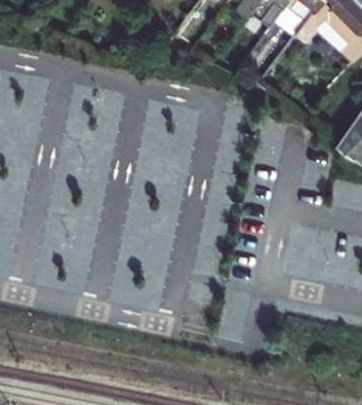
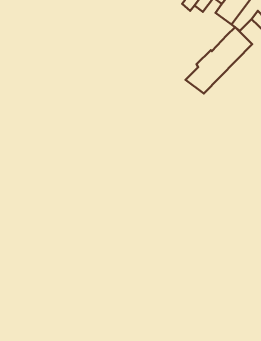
building: none -> [186,27,252,94]

